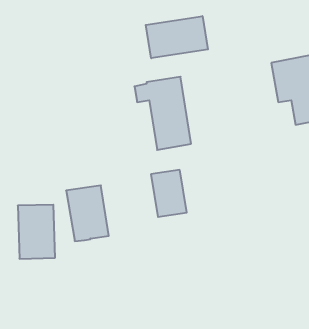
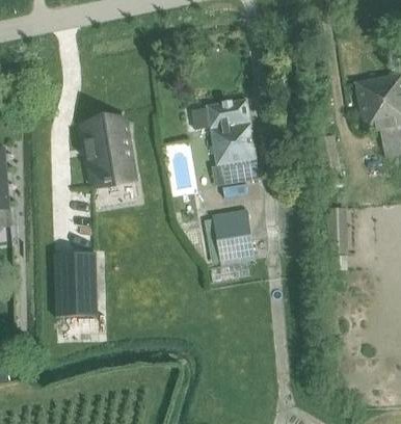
building: [146,16,208,58] -> none
building: [66,185,109,241] -> [83,120,134,186]

